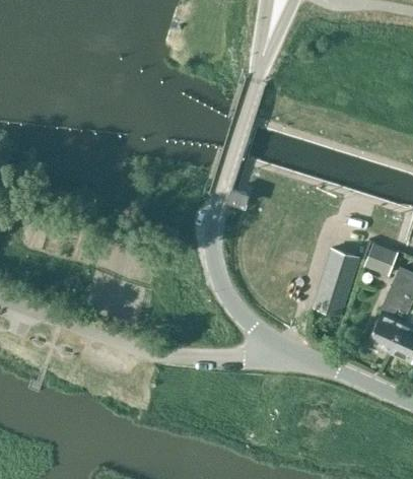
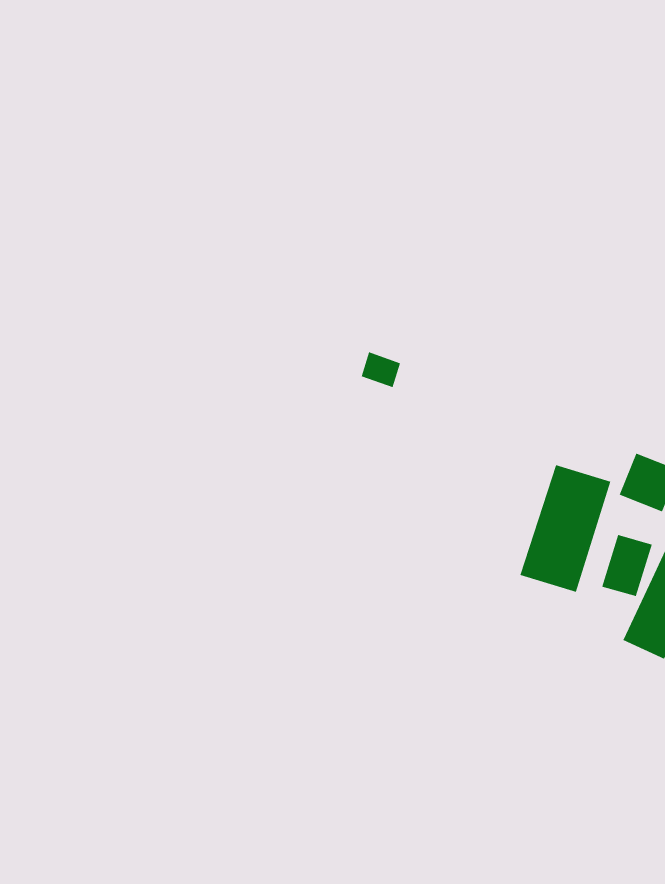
building: none -> [602,534,652,597]

